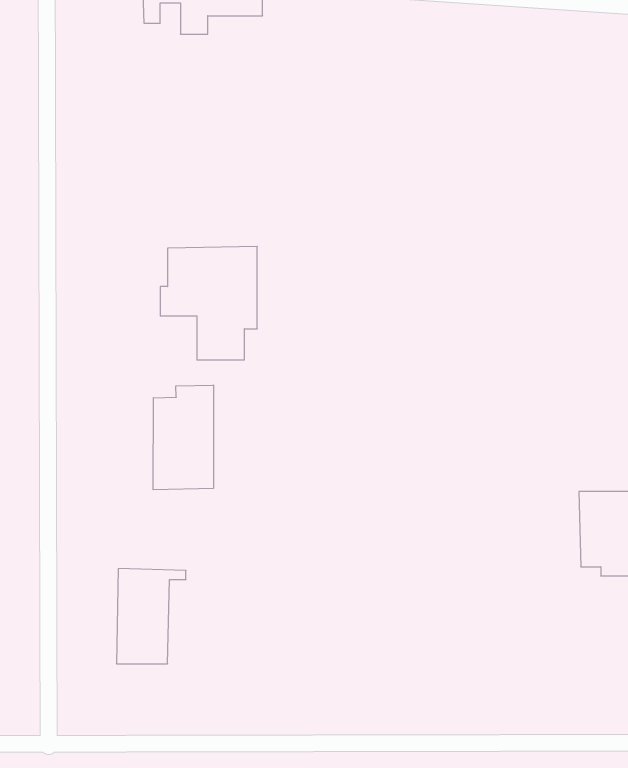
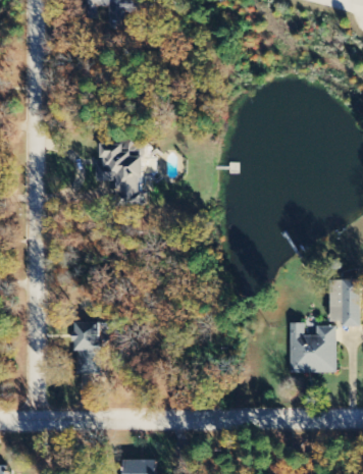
building: [153,385,213,490] -> none
building: none -> [289,321,335,372]

